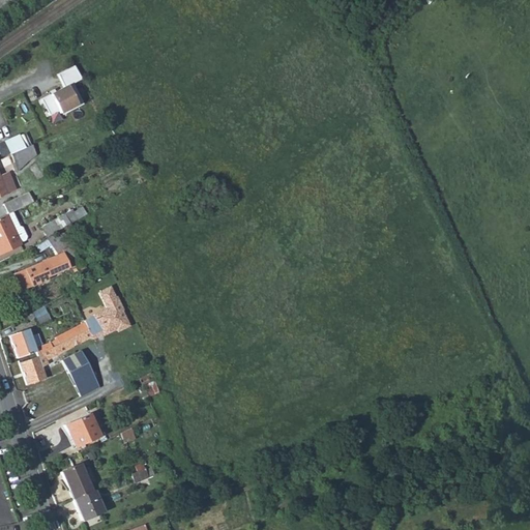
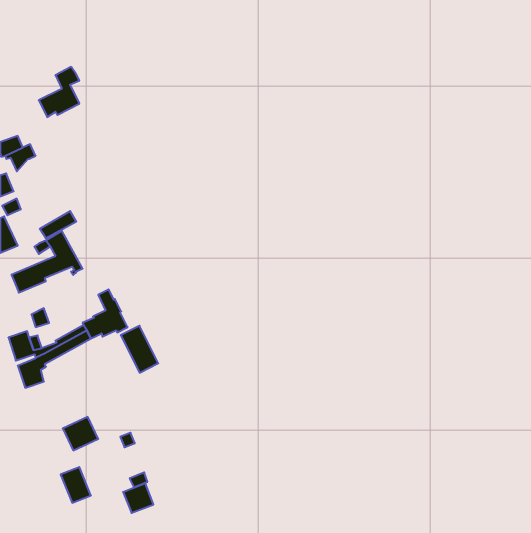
building: [64,349,101,395] -> [121,326,158,373]
building: [75,489,105,519] -> [123,483,153,513]

